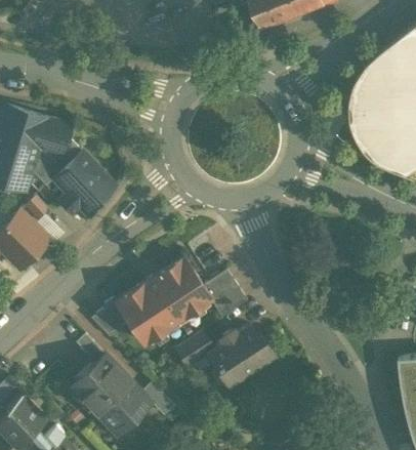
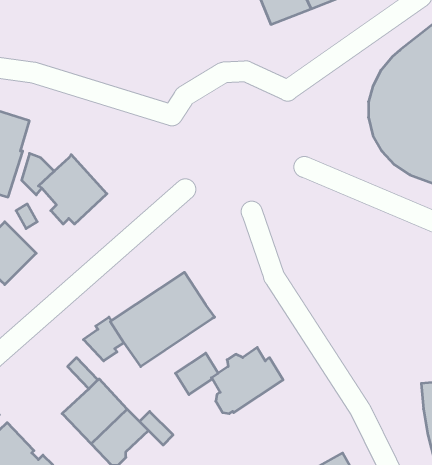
building: [34,119,78,165] -> none
building: [203,271,247,319] -> none

